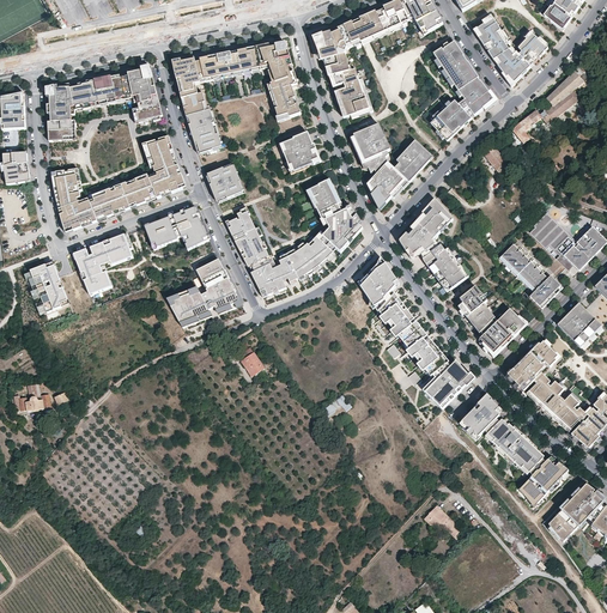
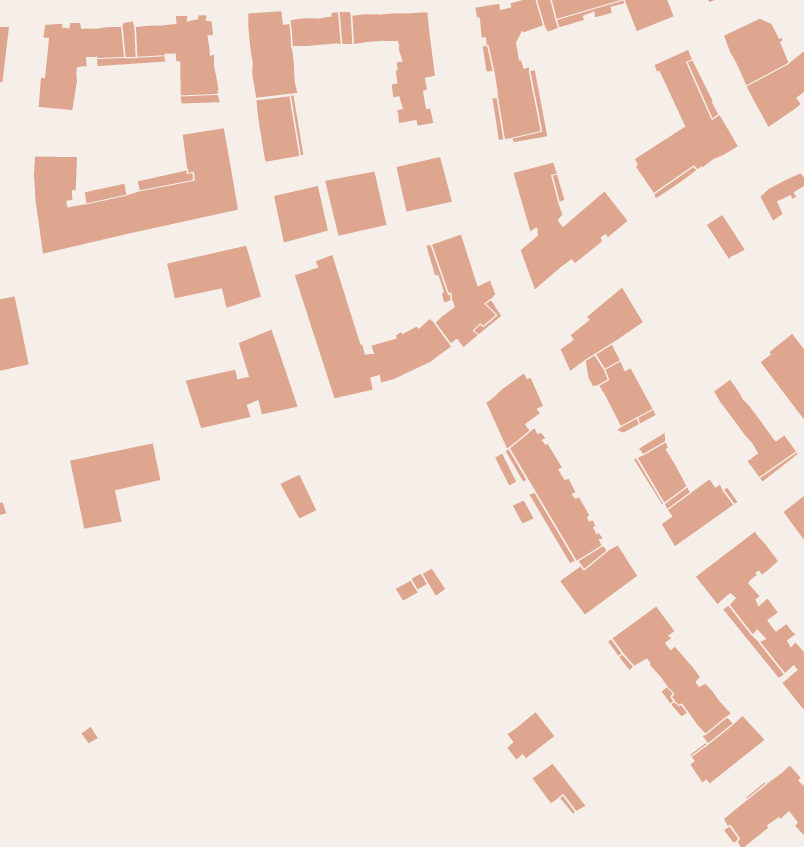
building: none -> [325,171,387,237]
building: [79,235,139,296] -> [69,443,161,529]
building: none -> [507,711,555,761]

